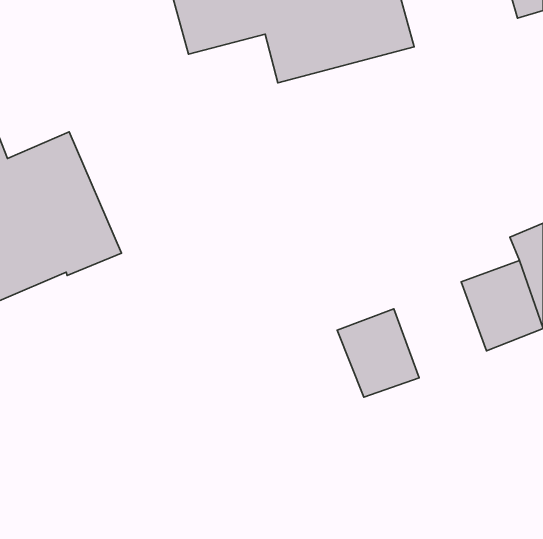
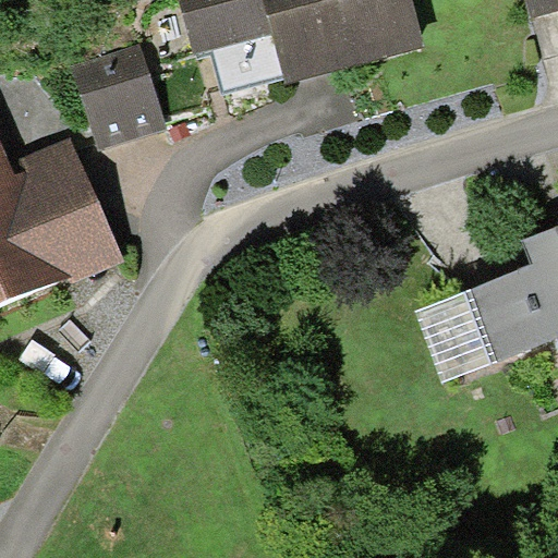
building: none -> [72,44,166,149]
building: [337,309,419,397] -> [414,289,498,379]

